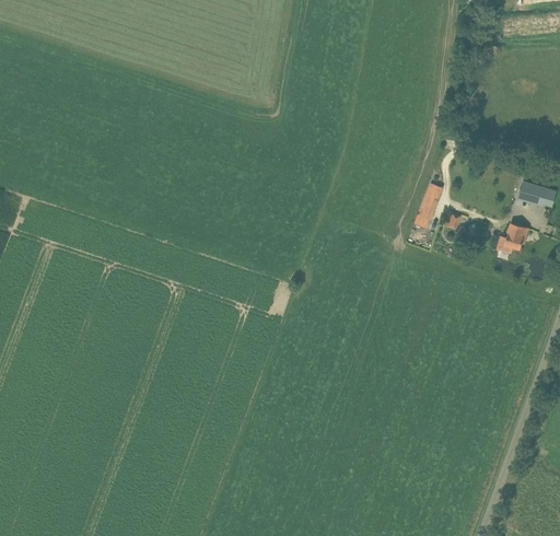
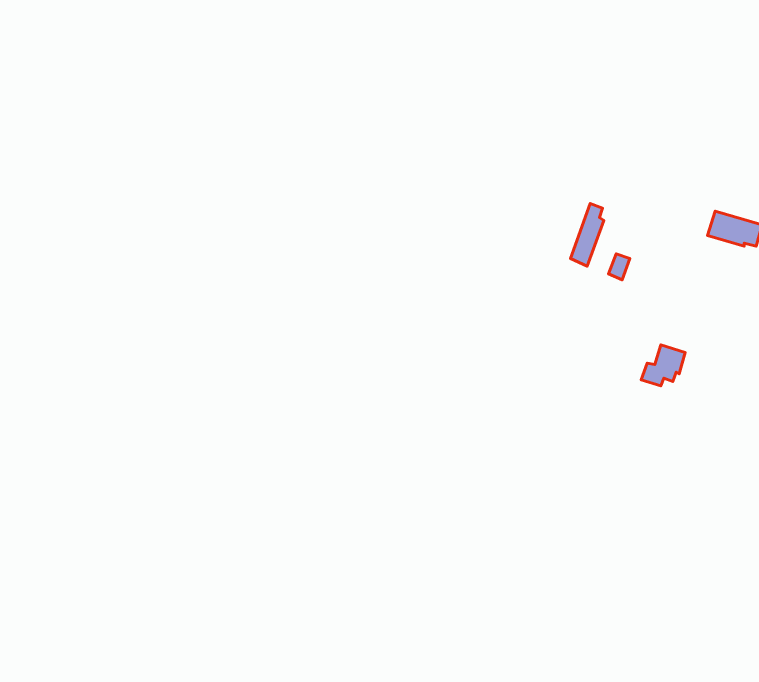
building: [495,223,527,253] -> [641,345,685,386]

